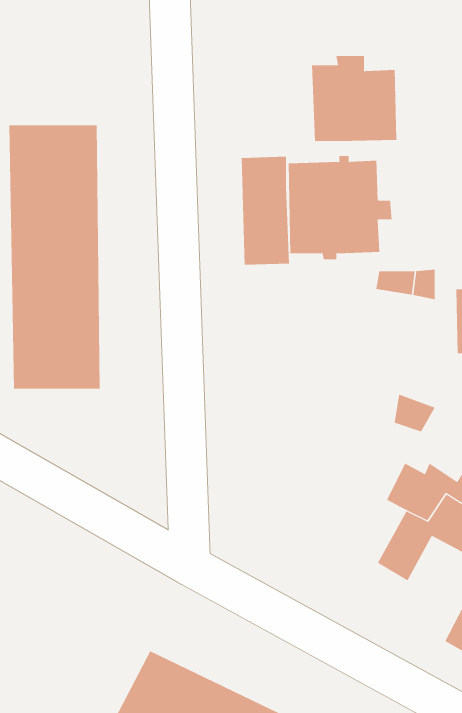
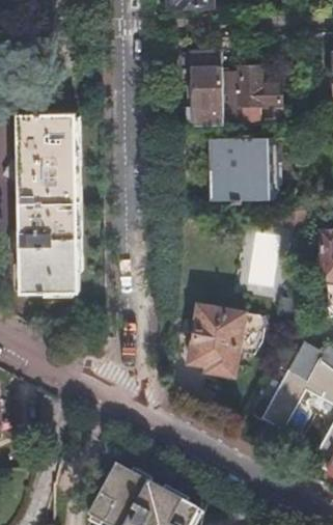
building: [241,156,290,265] -> [191,51,224,125]
building: none -> [190,305,262,377]

